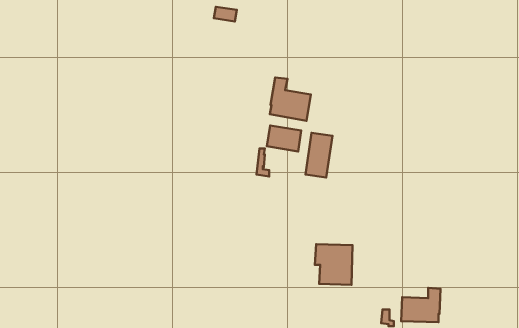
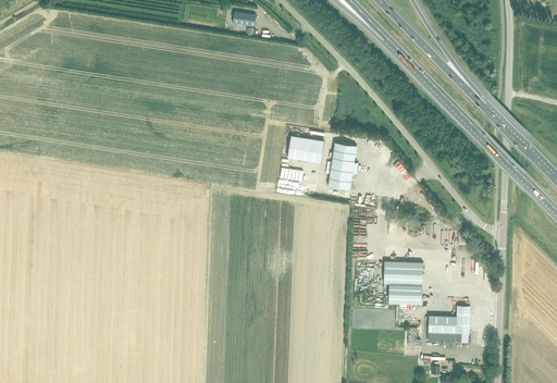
building: [270,77,311,121] -> none
building: [315,244,352,285] -> [383,261,422,304]

